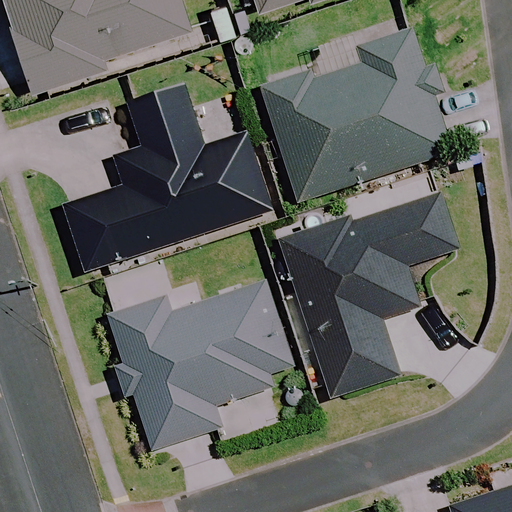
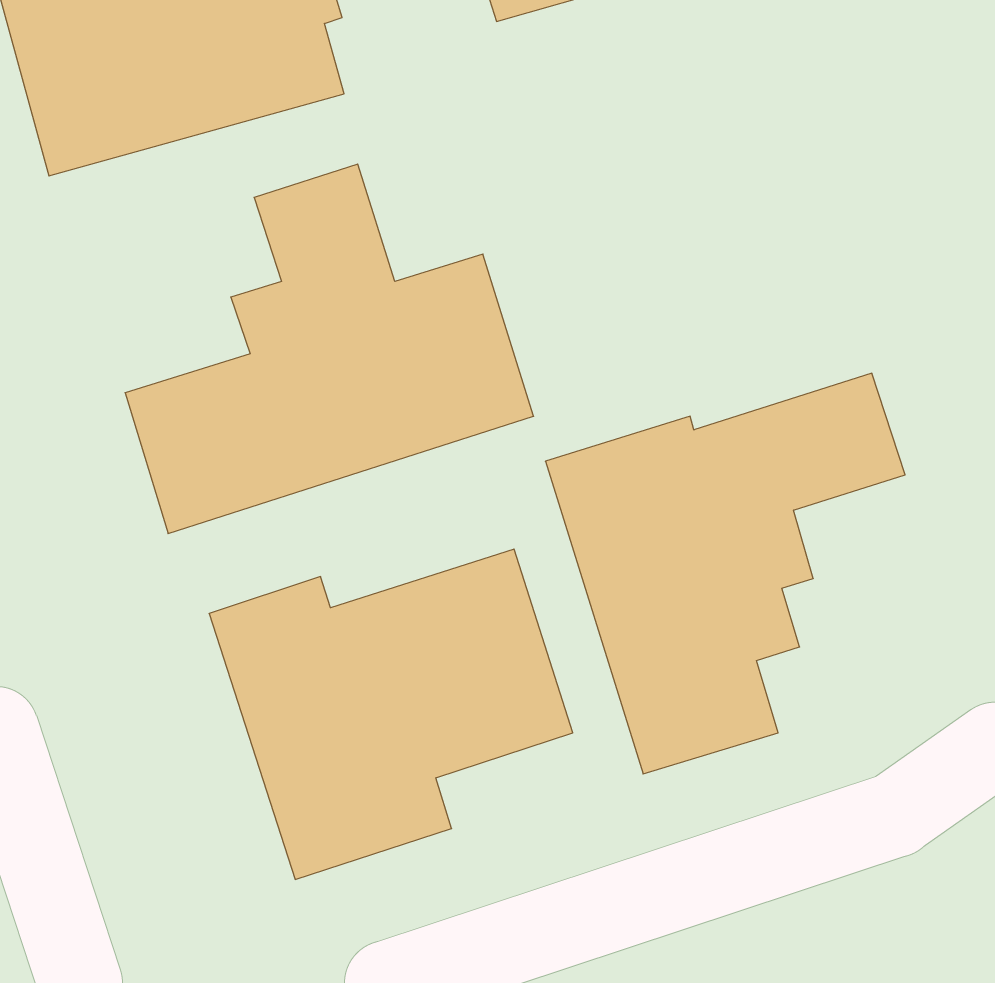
building: [265,28,448,196] -> none

